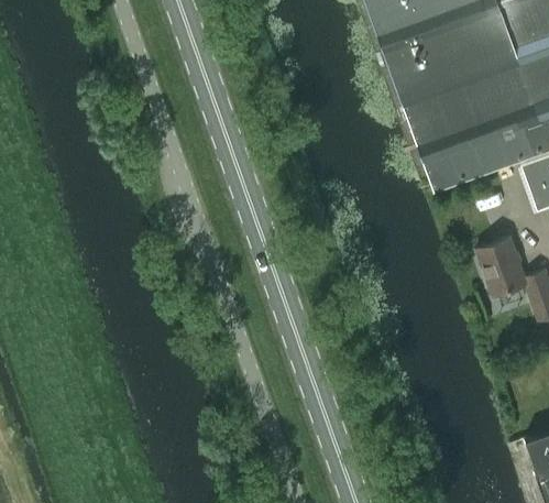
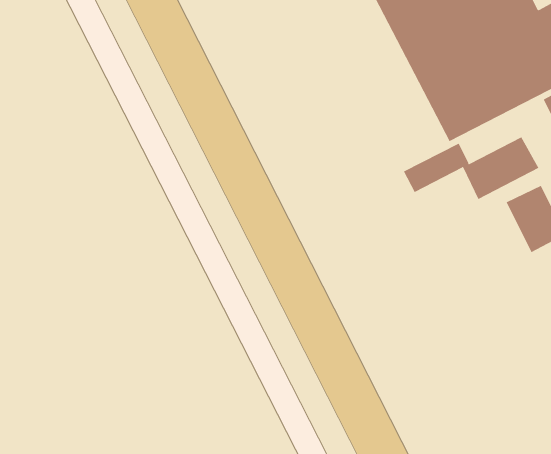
building: none -> [403,136,539,200]

